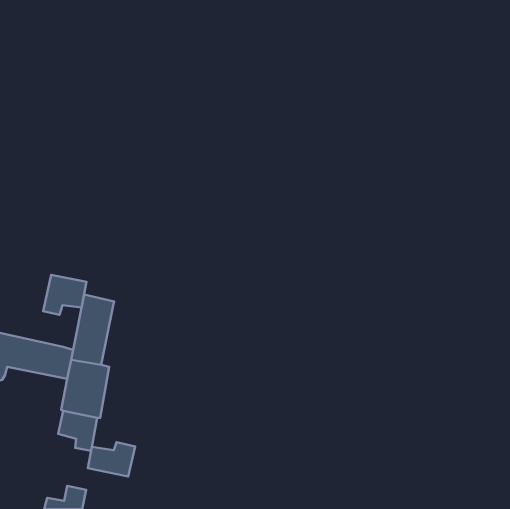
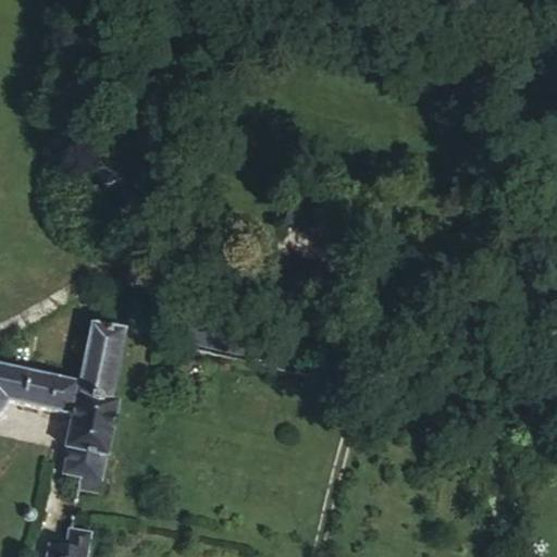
building: [43,275,86,315] -> none
building: [88,442,135,477] -> none

